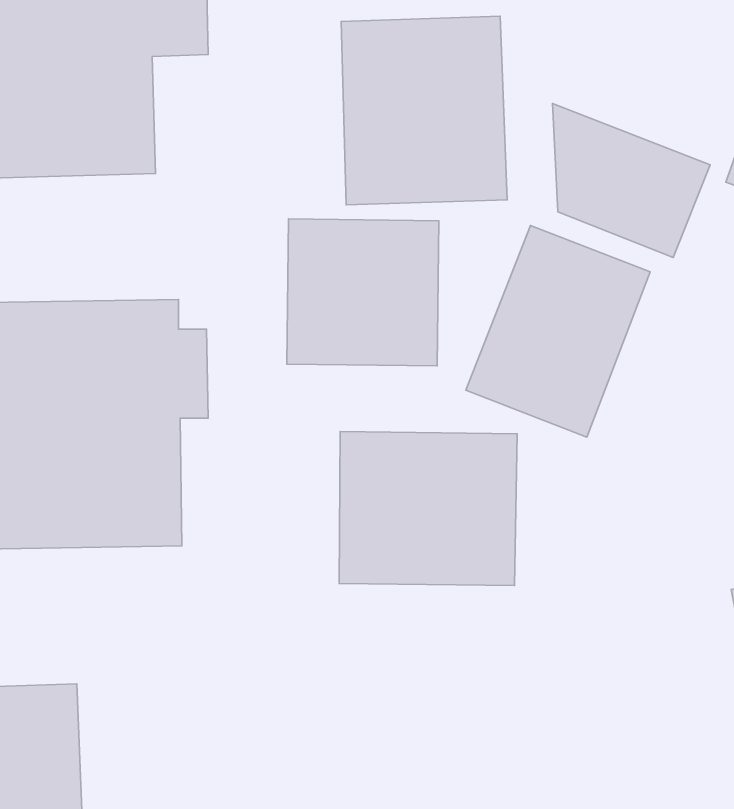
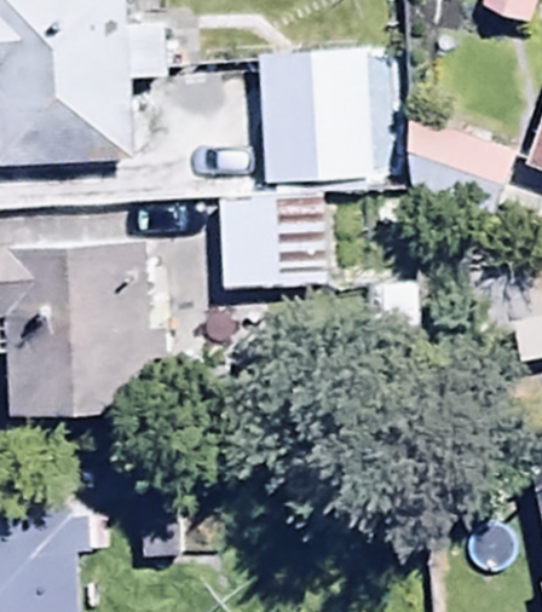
building: [466,225,650,437] -> none
building: [339,432,517,585] -> none

